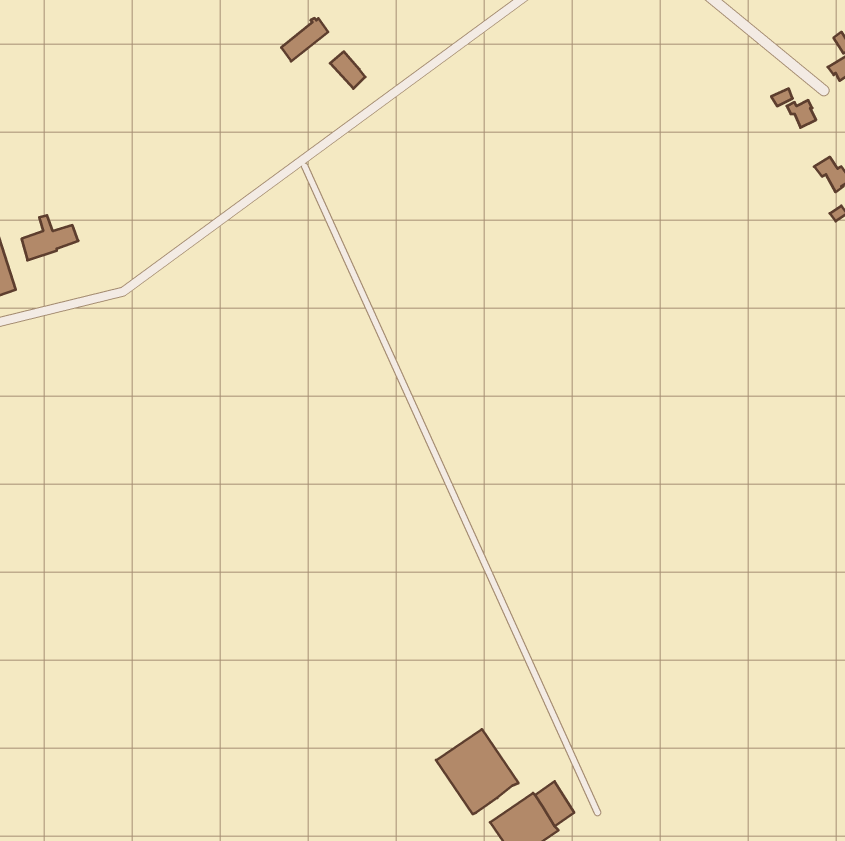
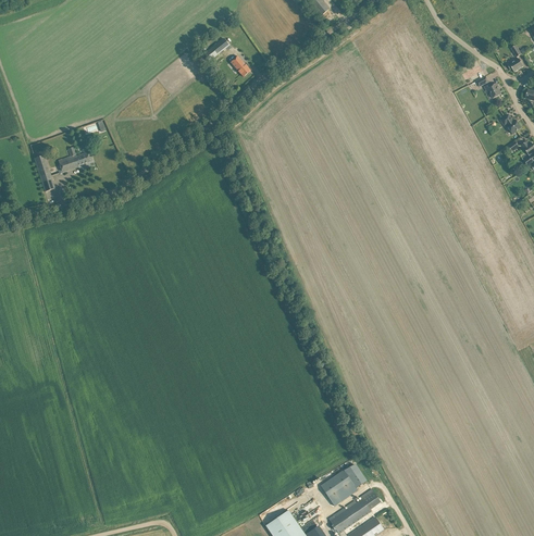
building: [436,729,518,814] -> none

